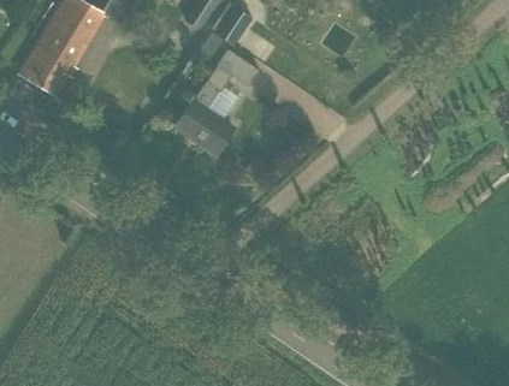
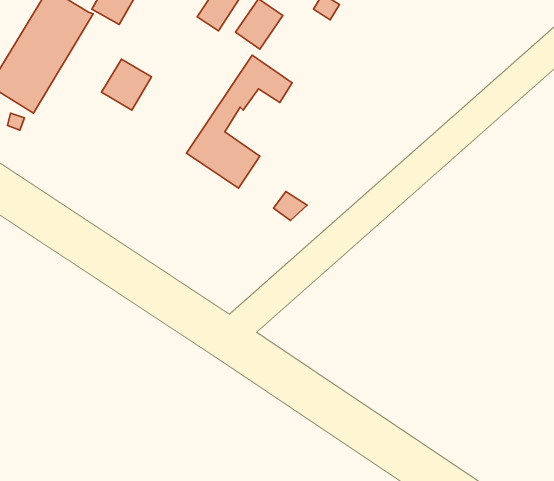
building: none -> [102,59,152,110]

